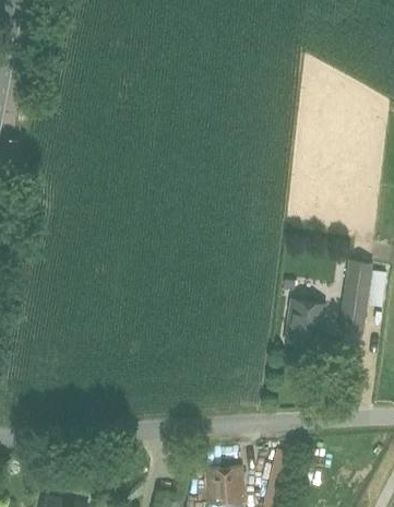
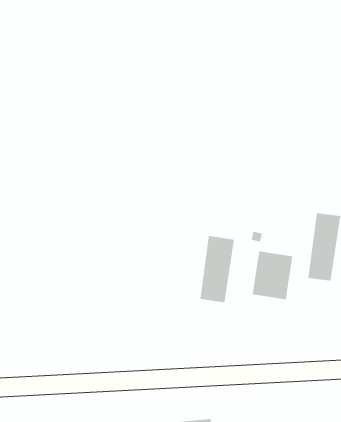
building: none -> [200,235,234,303]

